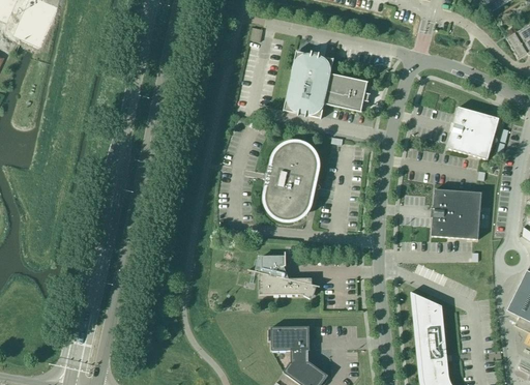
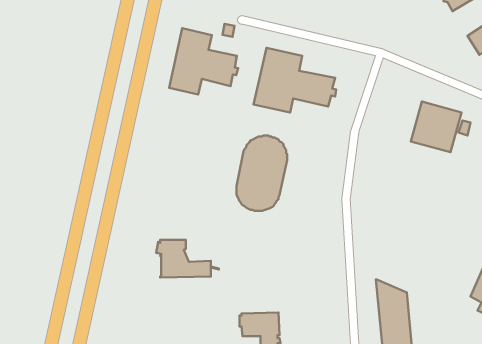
building: none -> [169,28,238,94]
building: [431,188,481,239] -> none
building: [255,256,320,295] -> [156,240,219,278]

